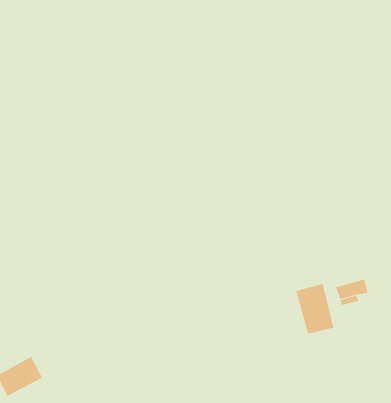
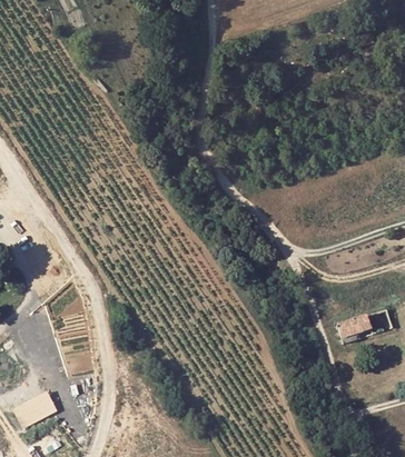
building: [296,283,334,335] -> none

